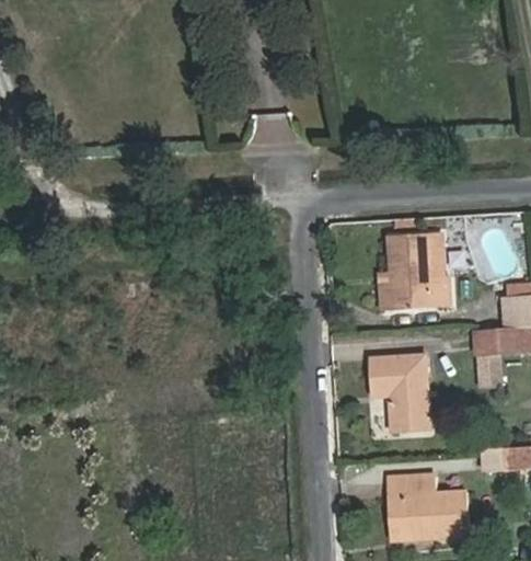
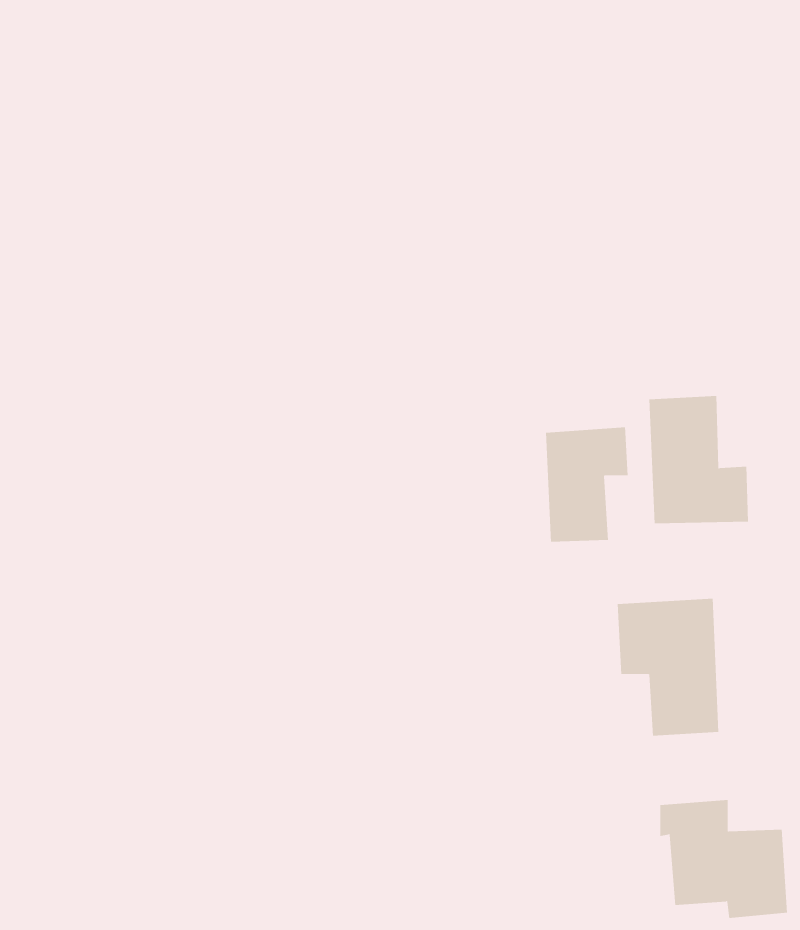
building: none -> [545,426,628,542]

